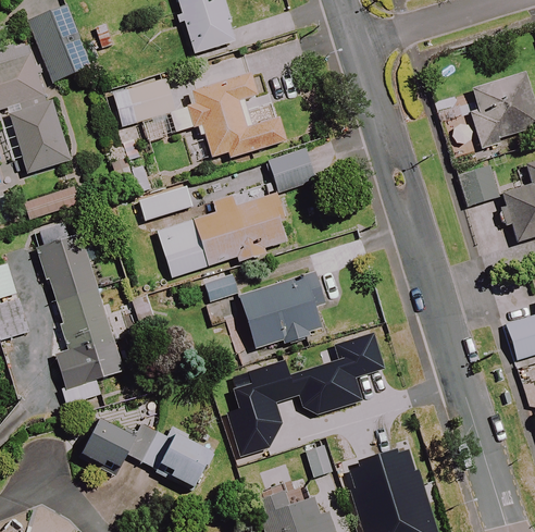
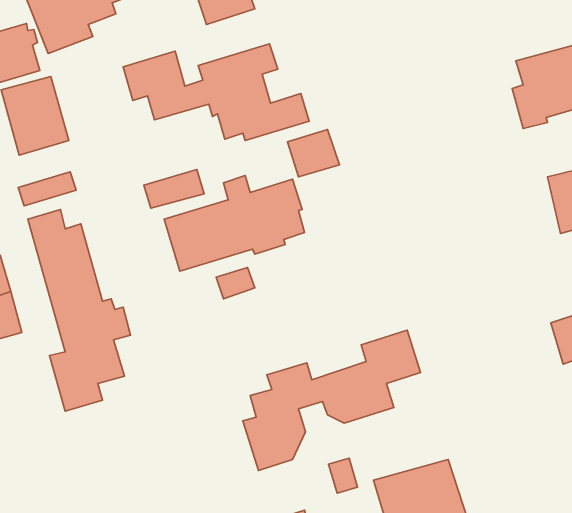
building: [458,165,496,205] -> none
building: [237,270,326,348] -> none
building: [78,417,212,487] -> none

